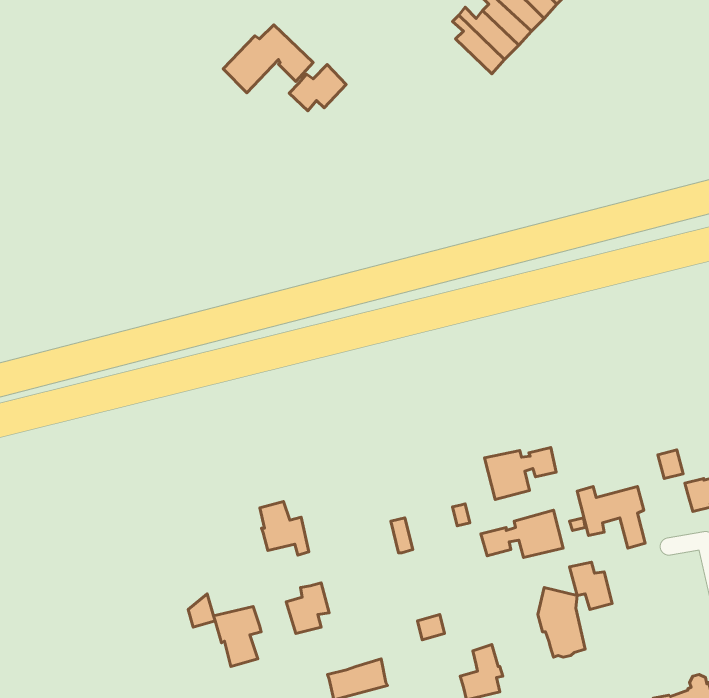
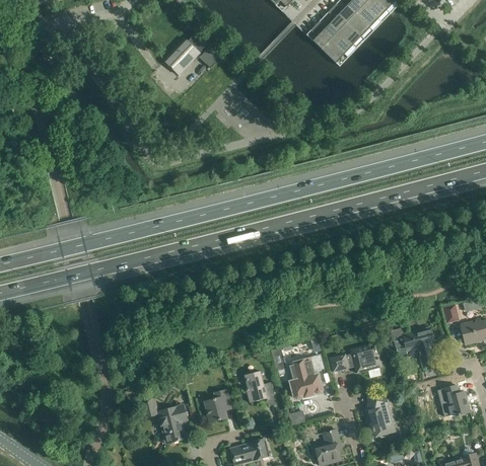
building: [289,65,346,111] -> none
building: [485,447,556,500] -> none
building: [260,501,309,555] -> [245,371,276,405]
building: none -> [287,355,324,398]
building: [569,562,612,610] -> [442,385,470,415]

